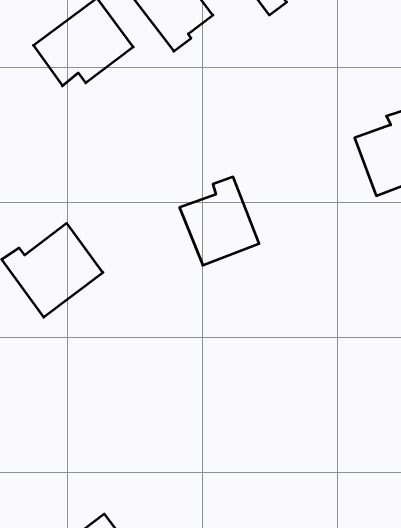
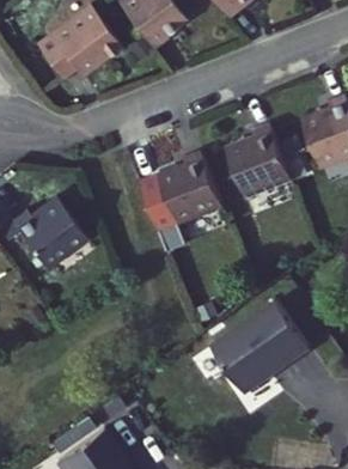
building: none -> [227,123,292,196]
building: none -> [206,307,304,397]

